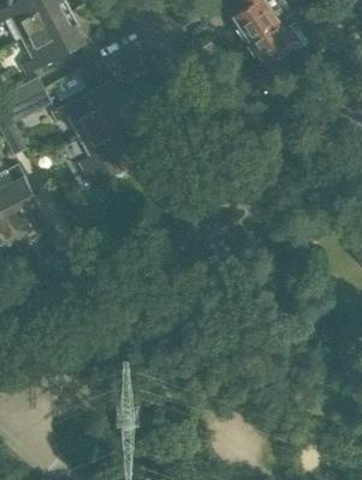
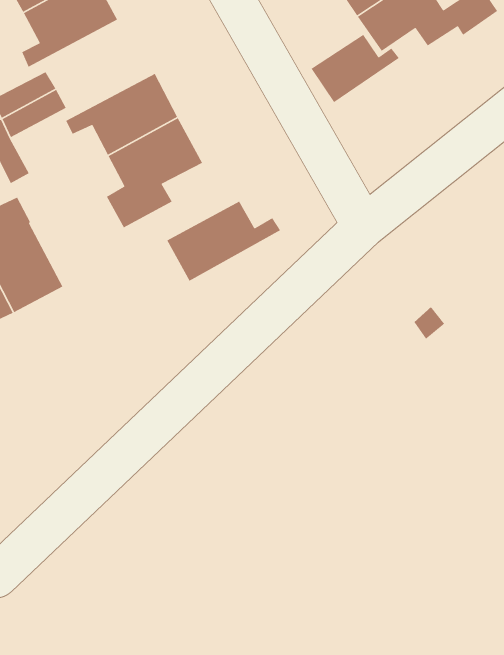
building: none -> [311,34,400,103]
building: none -> [166,200,281,282]

